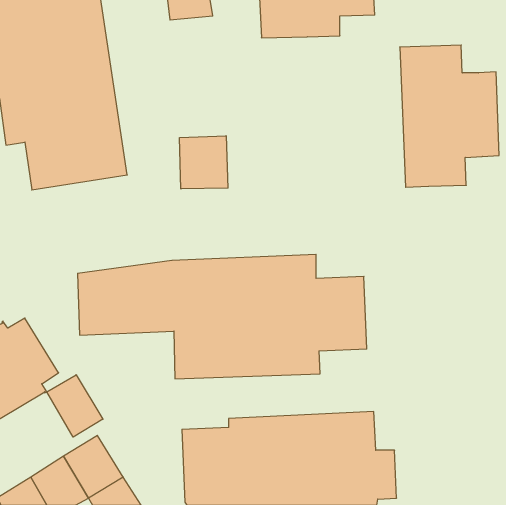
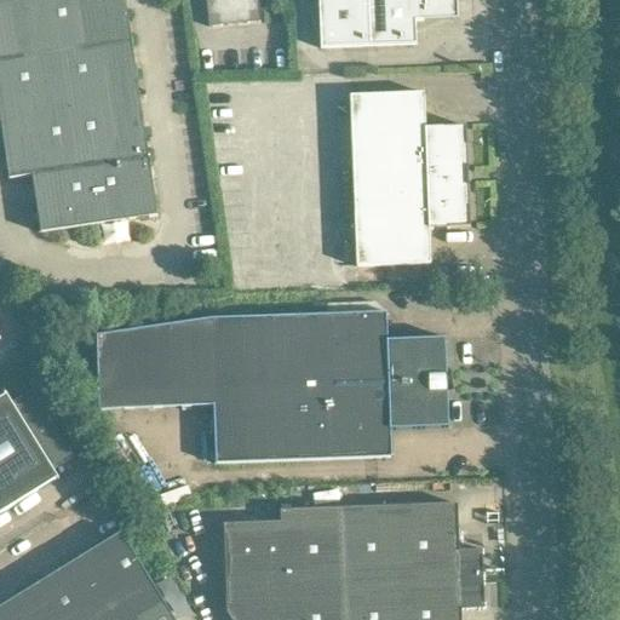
building: [400,45,499,187] -> [348,91,469,264]
building: [180,136,228,189] -> none
building: [47,375,103,437] -> none

